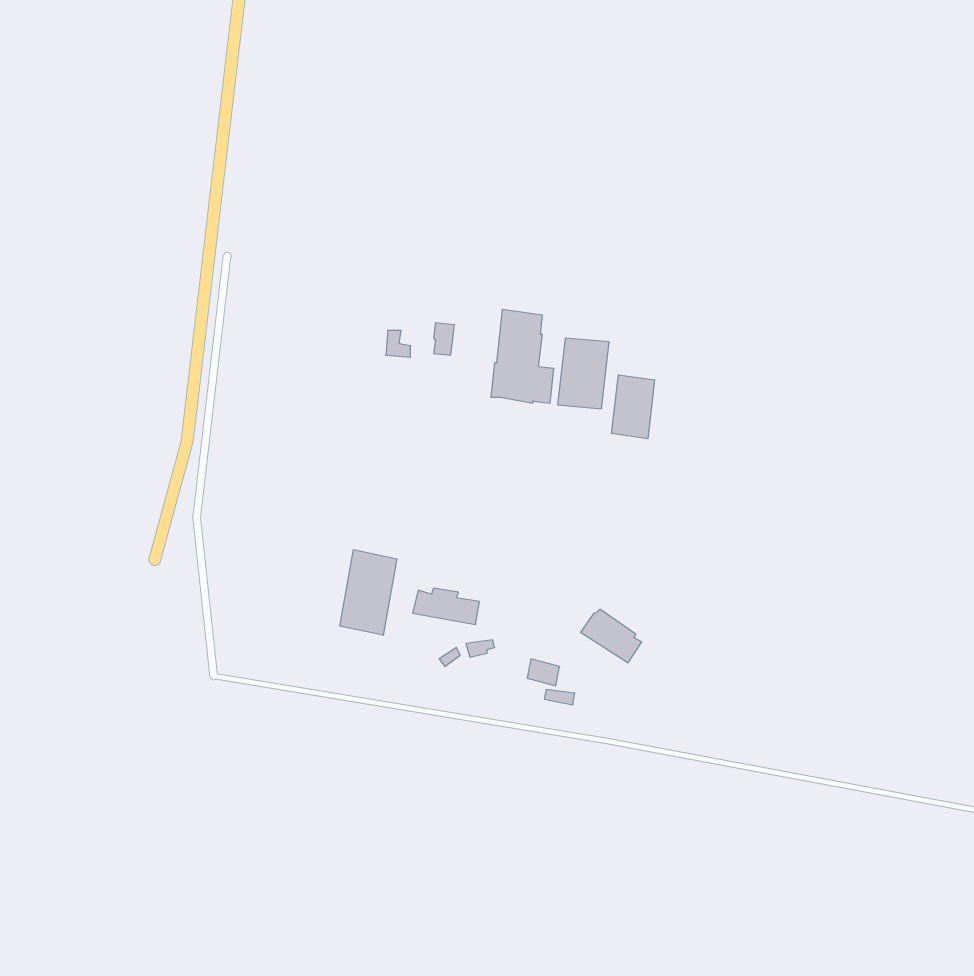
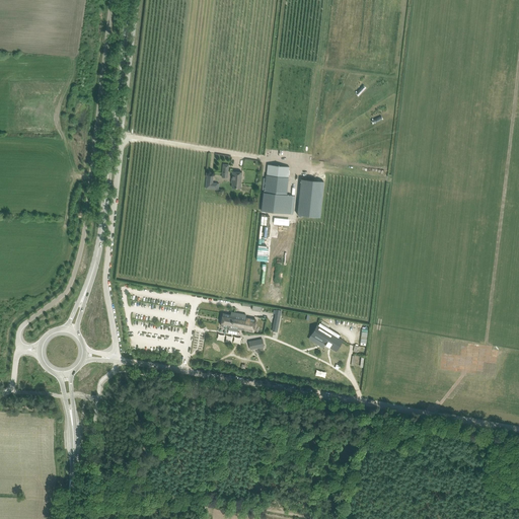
building: [612,375,655,439] -> none
building: [340,550,397,635] -> none

